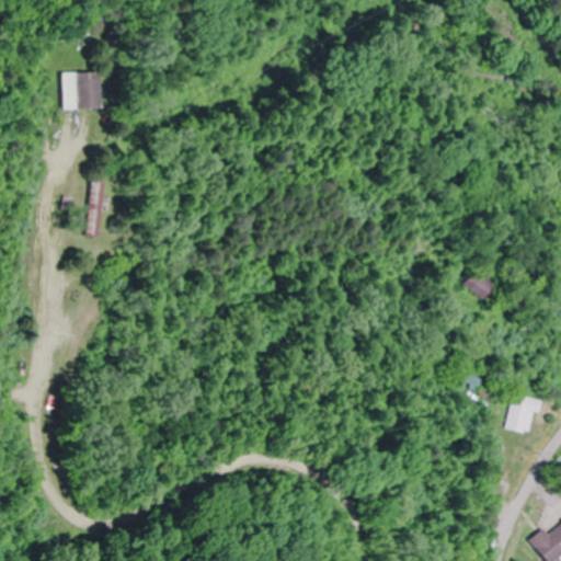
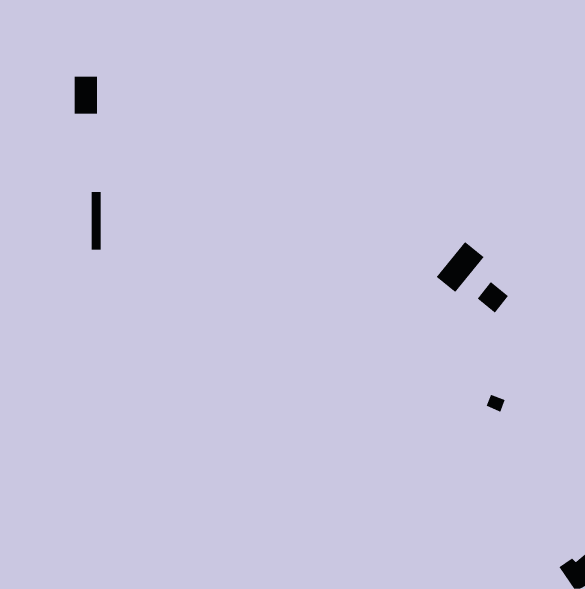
building: none -> [436,241,484,293]
building: [507,394,541,436] -> none

